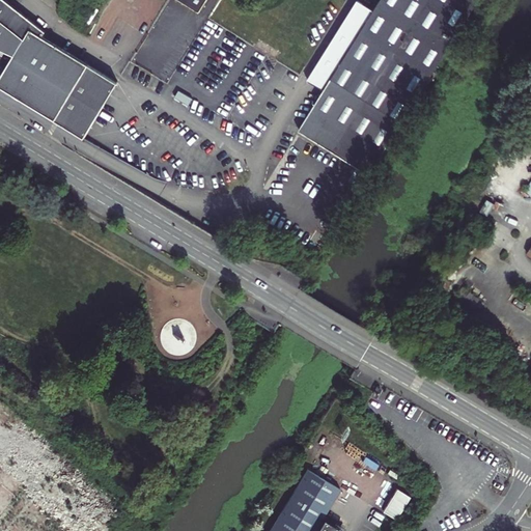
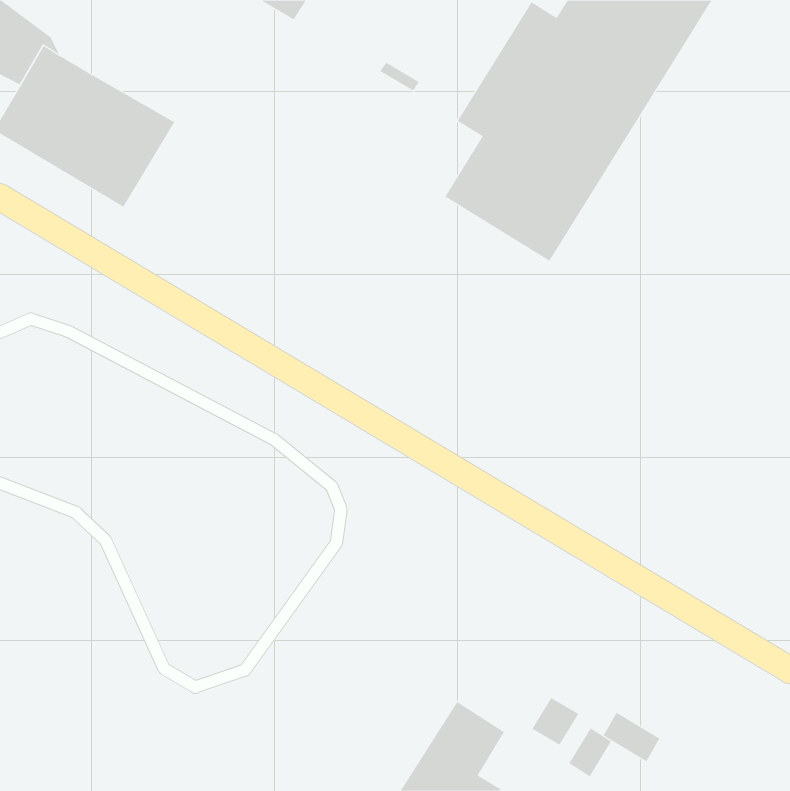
building: none -> [532,697,579,745]
building: none -> [603,712,660,762]

